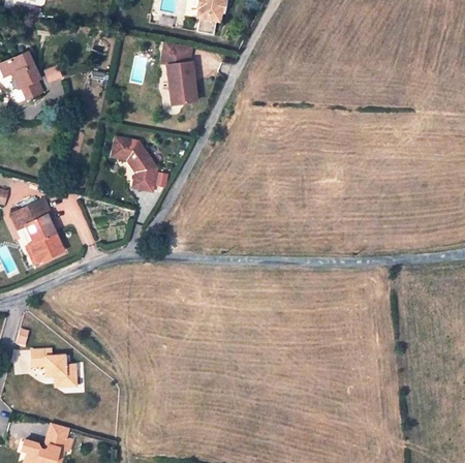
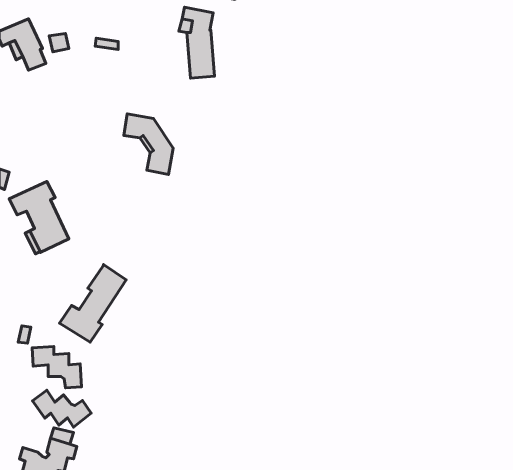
building: none -> [60,265,126,342]
building: none -> [32,390,91,427]

